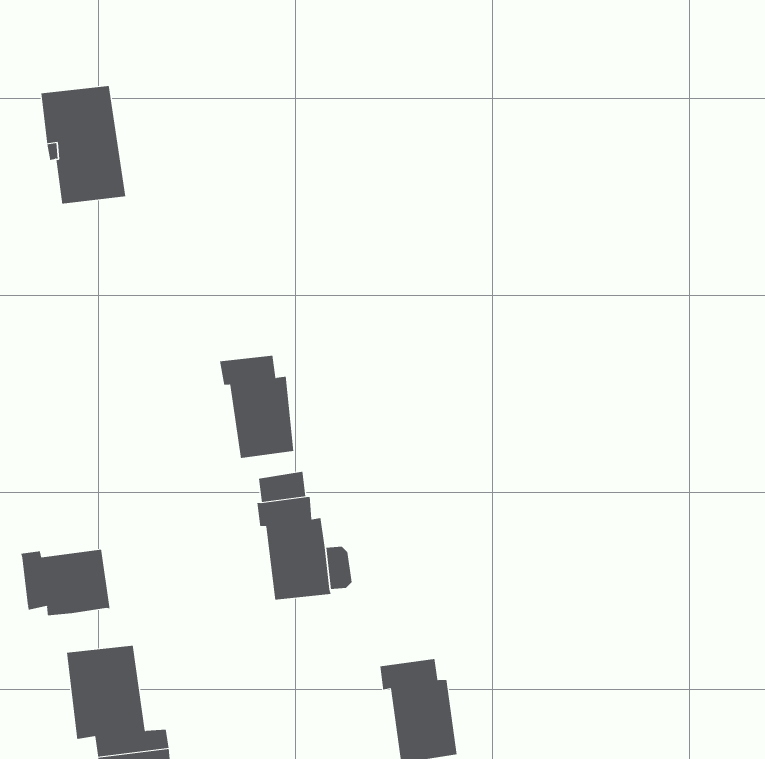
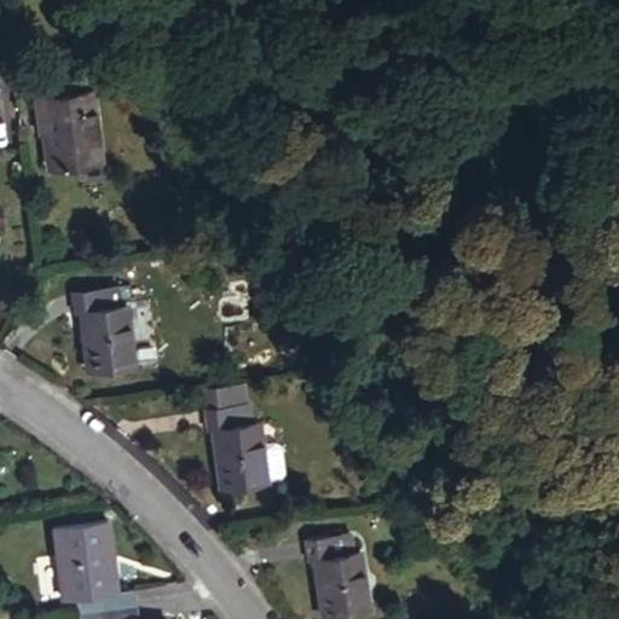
building: [219,355,294,459] -> [74,290,134,374]
building: [21,549,110,616] -> none

